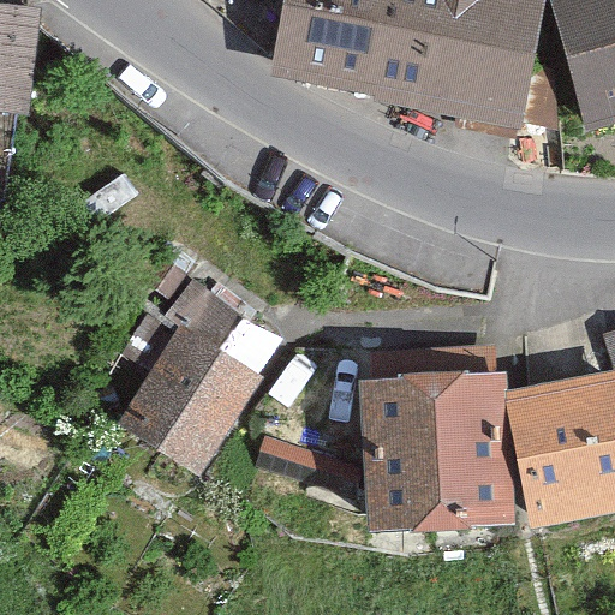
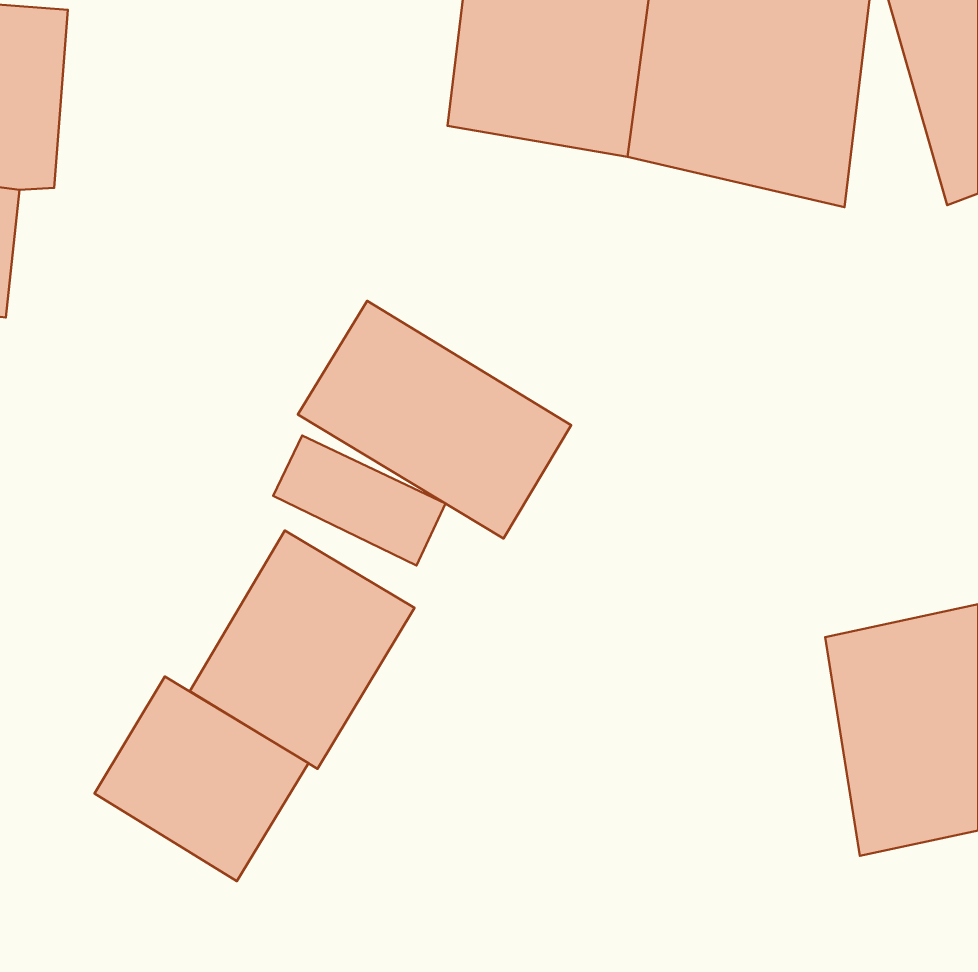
building: none -> [298,301,571,538]
building: [370,347,512,529] -> none
building: none -> [95,677,309,881]

